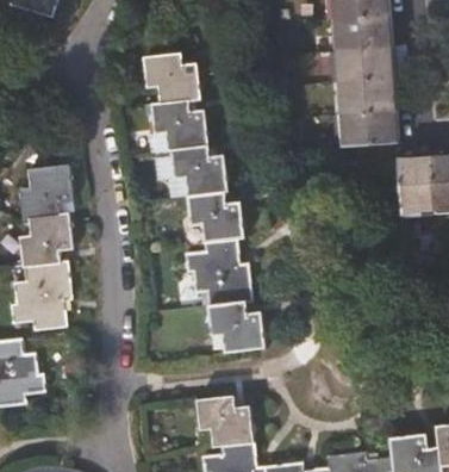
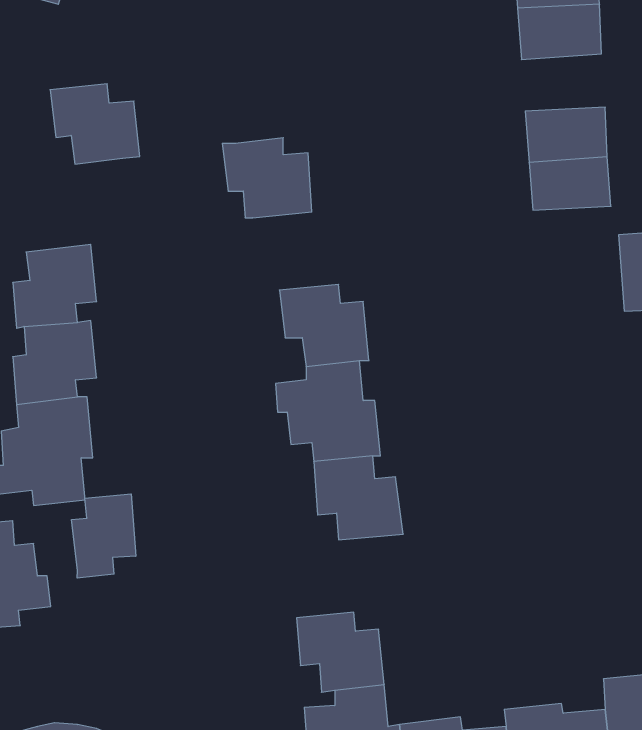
building: [338,48,391,83] -> none
building: [144,54,200,104] -> [50,84,140,164]
building: [170,147,226,195] -> none
building: none -> [72,494,136,578]

